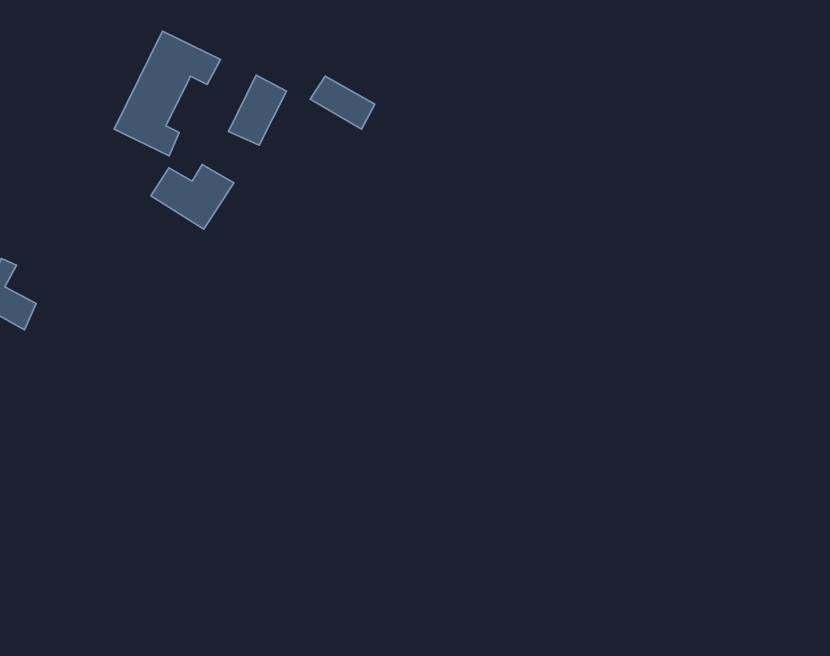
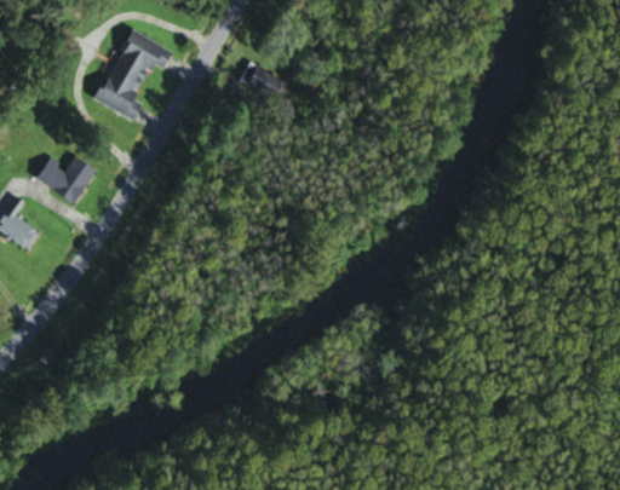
building: [229,75,286,145] -> none
building: [151,164,234,229] -> [36,155,97,202]

